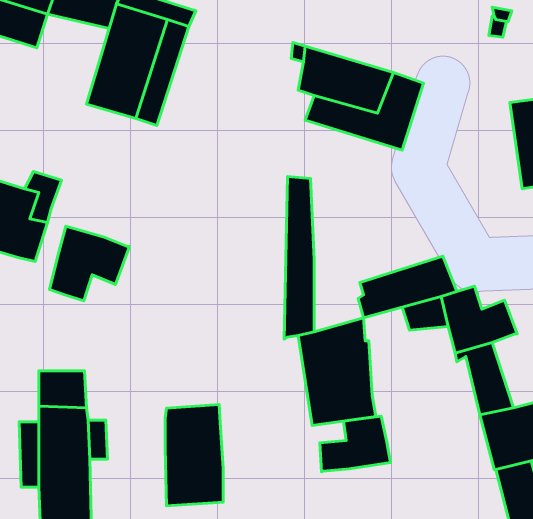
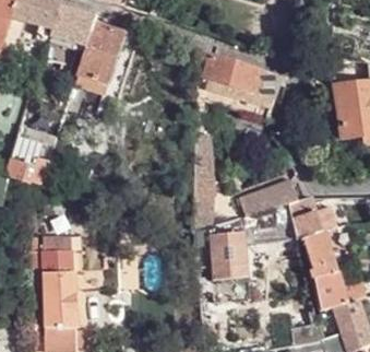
building: [49,226,129,301] -> none
building: [165,405,223,506] -> none
building: [320,416,390,472] -> none

